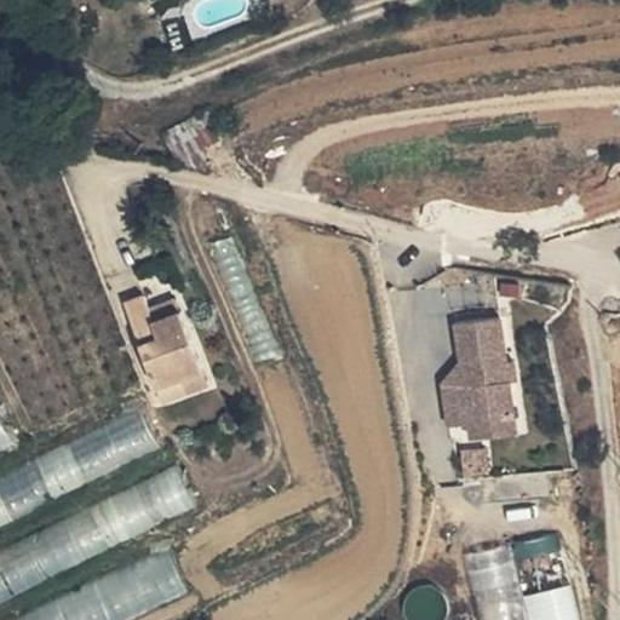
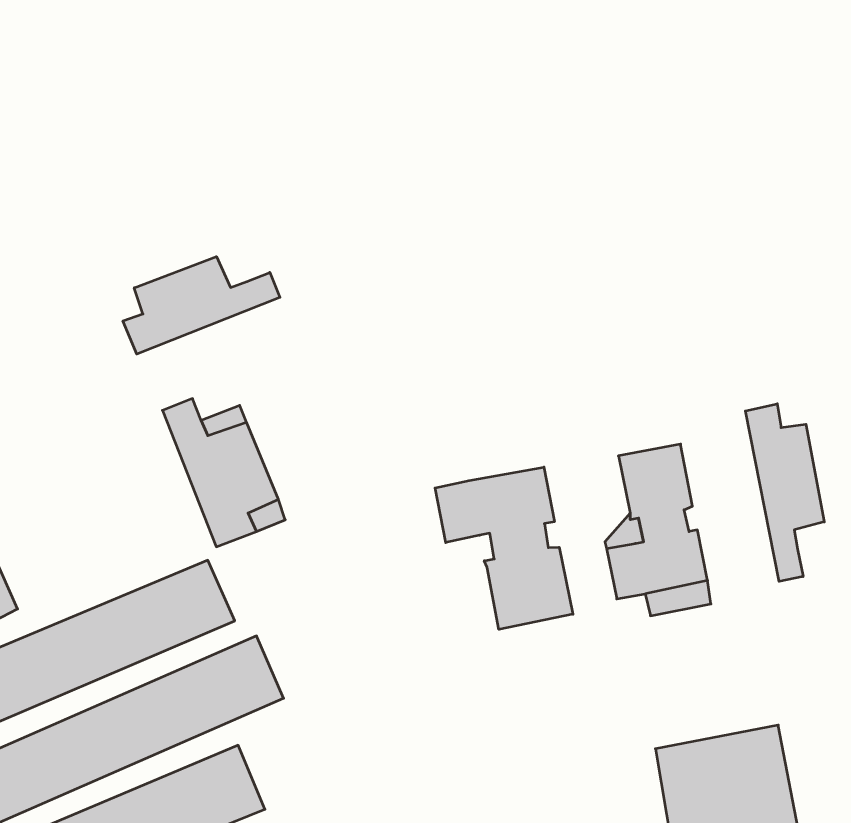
building: none -> [123,257,280,354]
building: none -> [745,404,824,581]
building: none -> [435,467,573,629]

